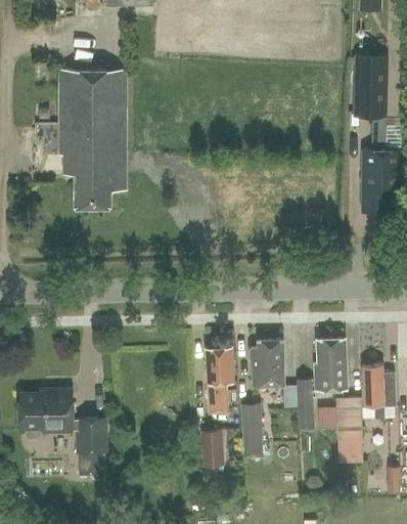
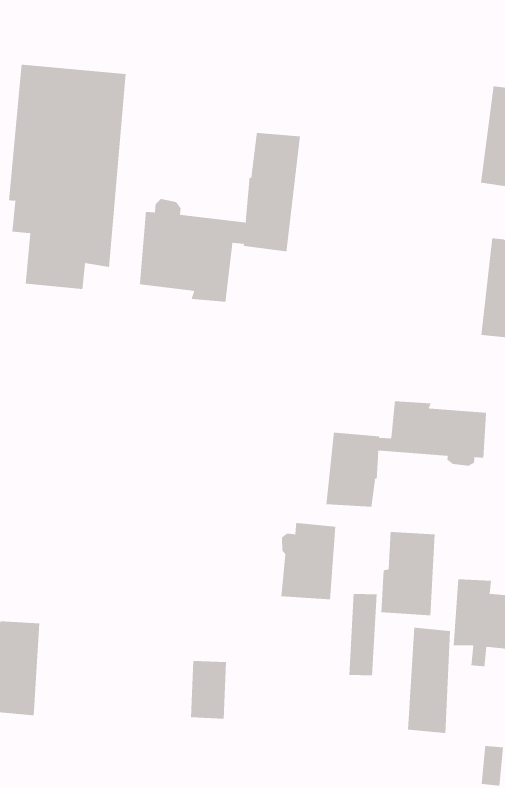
building: none -> [139,132,300,303]
building: none -> [326,401,486,508]
building: [207,348,233,412] -> none
building: [242,404,264,455] -> none

